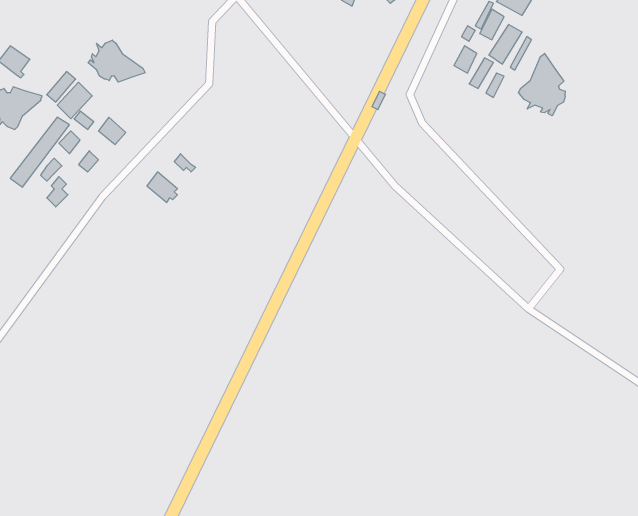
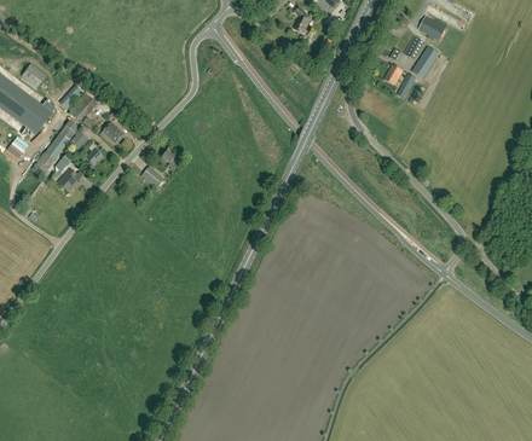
building: [88,40,145,82] -> none
building: [518,53,565,116] -> none

